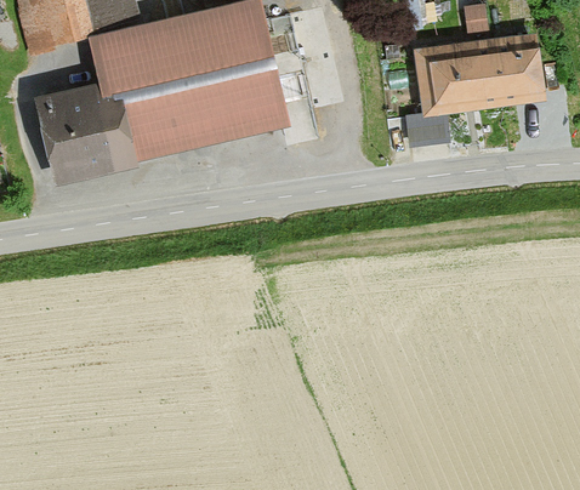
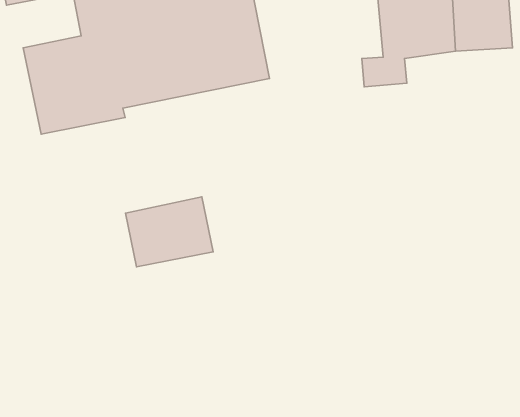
building: none -> [125,197,213,267]

